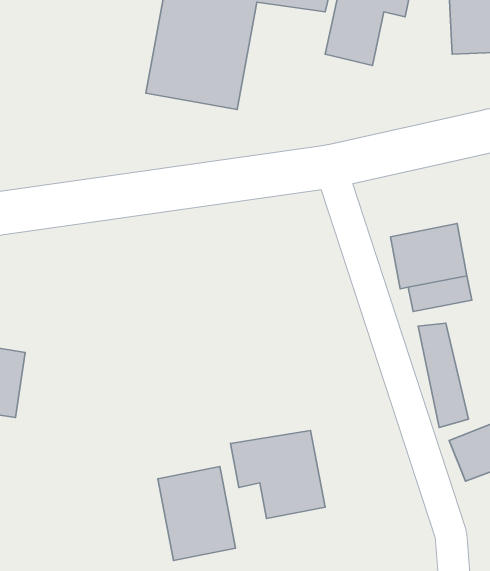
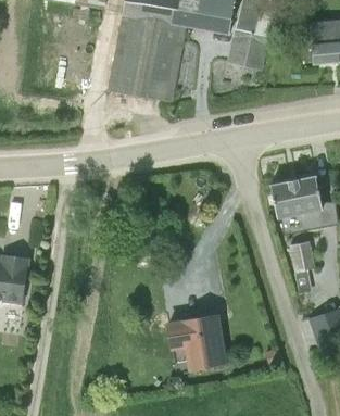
building: [158,466,236,560] -> none

